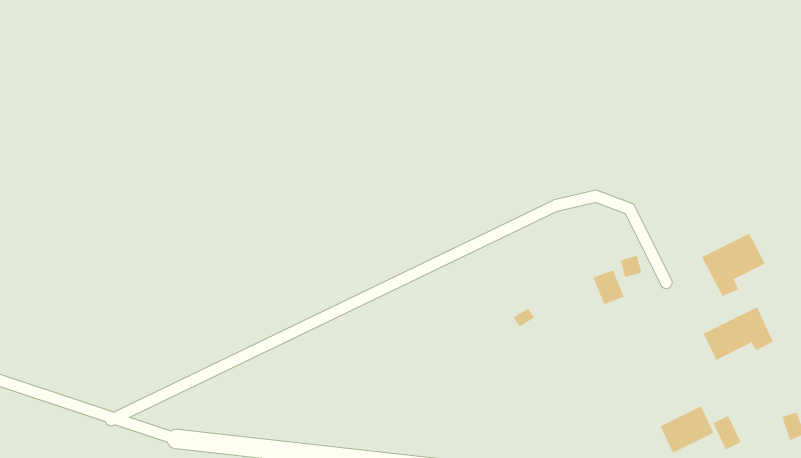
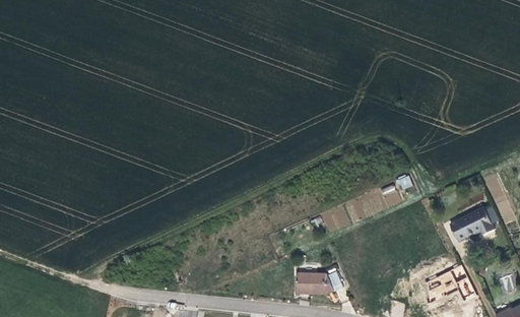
building: [701,233,766,297] -> none
building: none -> [297,272,342,294]

